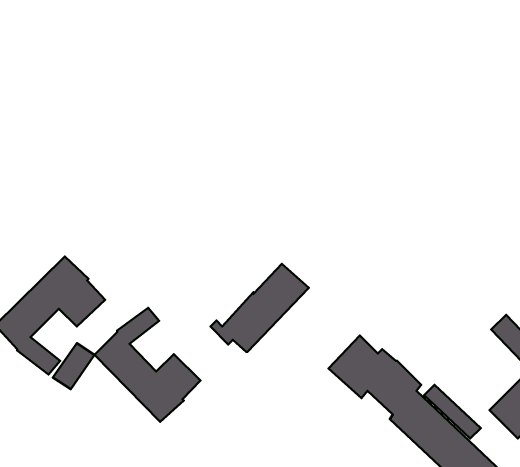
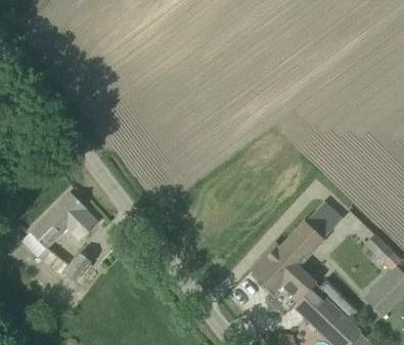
building: [210,264,309,352] -> [272,204,340,264]
building: [95,308,200,422] -> none

